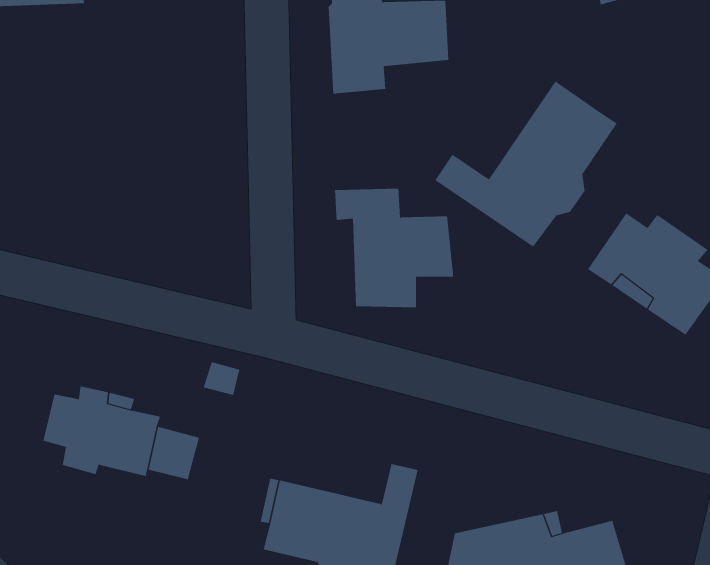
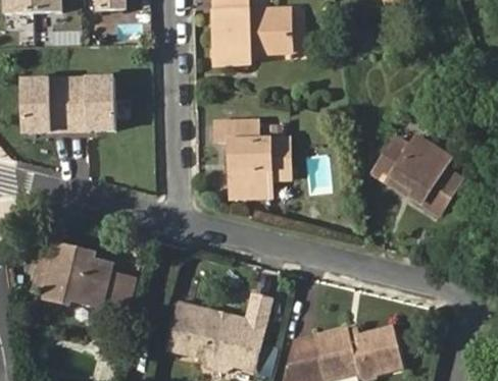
building: [435,81,618,247] -> none
building: none -> [19,71,114,127]

